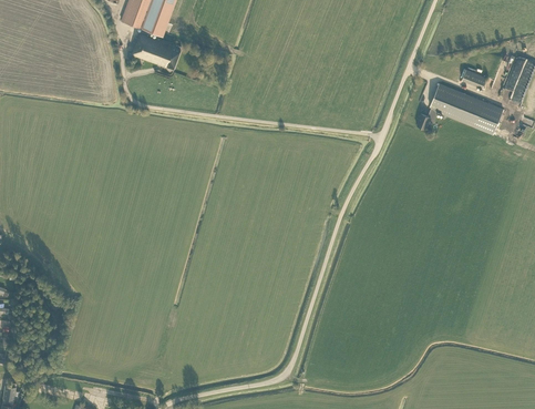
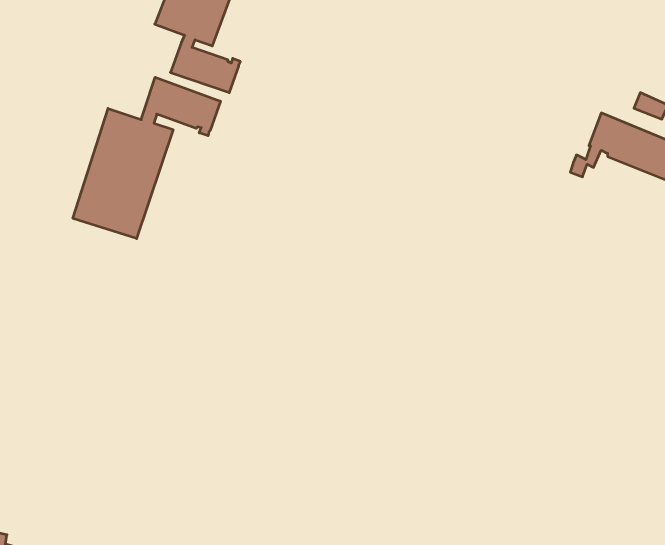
building: none -> [73,77,220,239]

